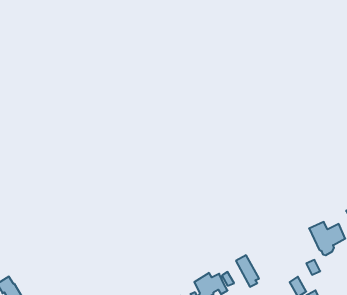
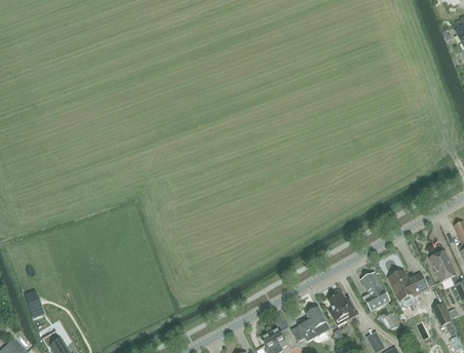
building: none -> [361,272,390,310]
building: none -> [328,287,357,322]

